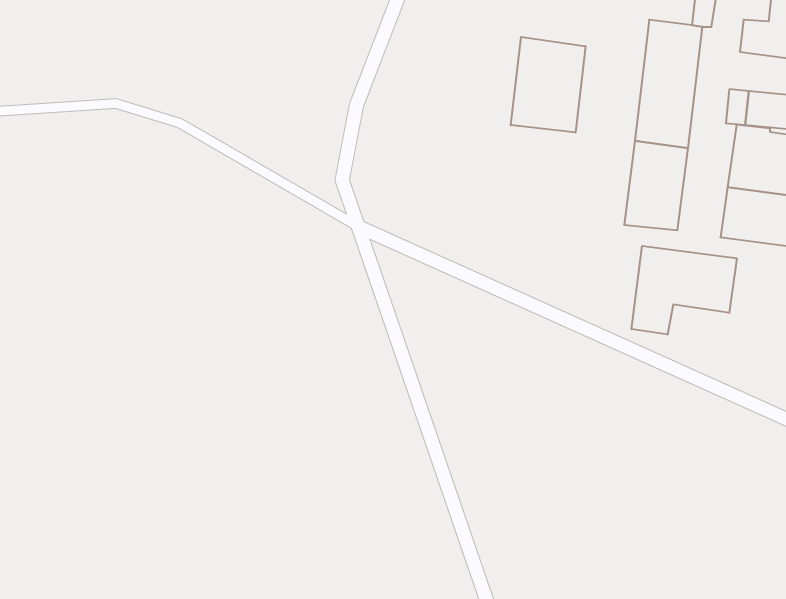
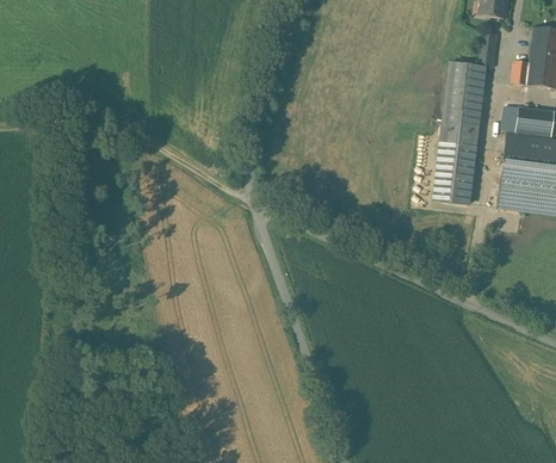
building: [511,37,585,133] -> none
building: [632,246,737,335] -> none

